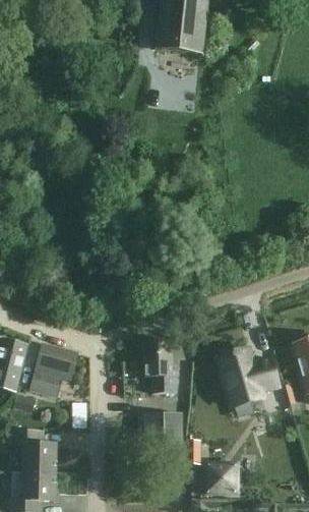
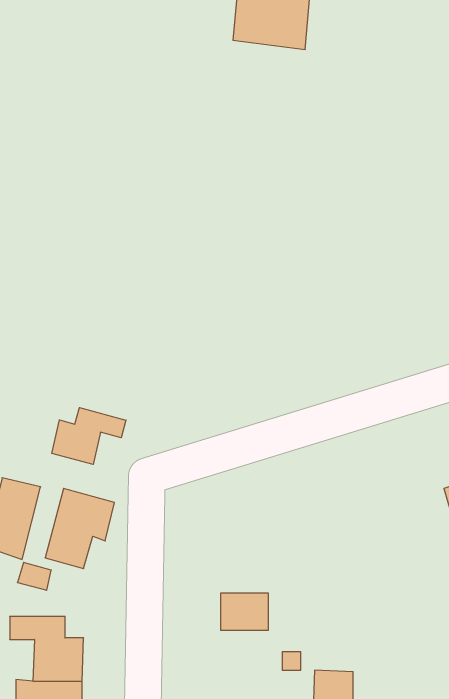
building: none -> [52,408,126,464]
building: [144,340,176,394] -> none
building: [219,349,277,407] -> none

